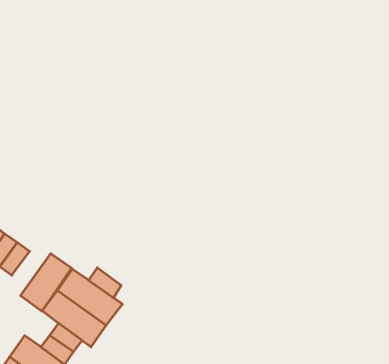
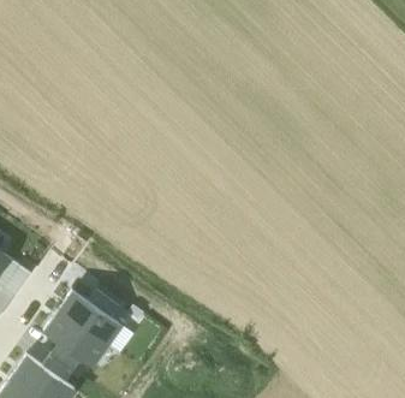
building: [21,254,71,311] -> none

